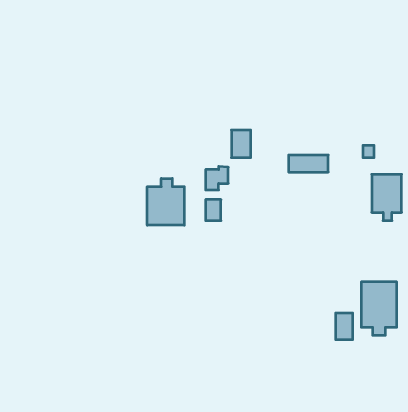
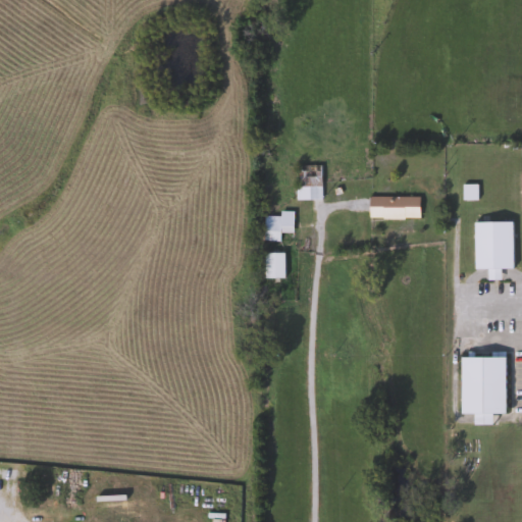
building: [147,178,184,225] -> none
building: [336,313,353,340] -> none

